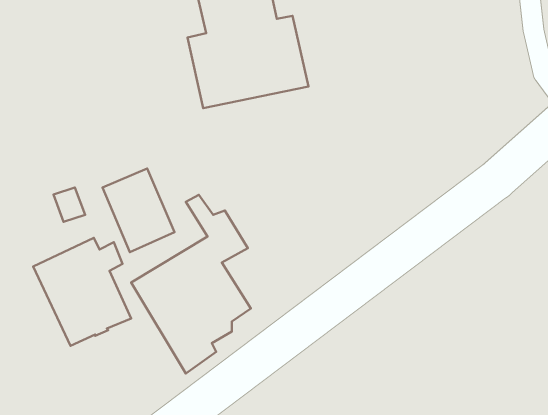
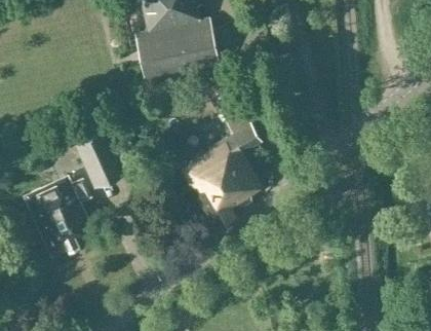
building: [131,195,251,373] -> [180,105,265,232]

